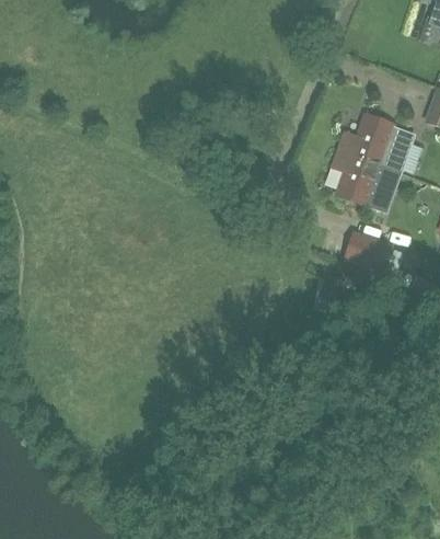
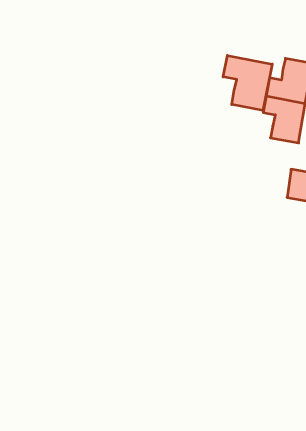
building: none -> [223,55,272,111]

